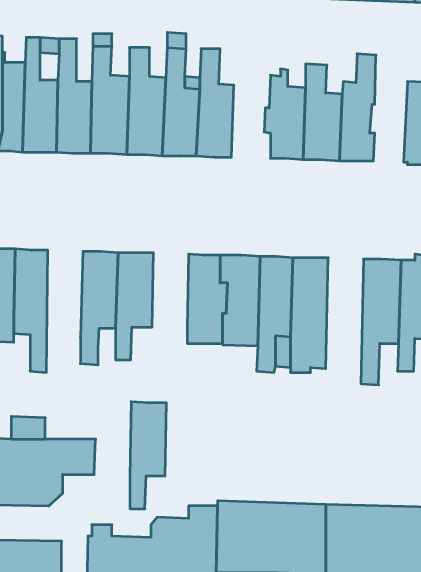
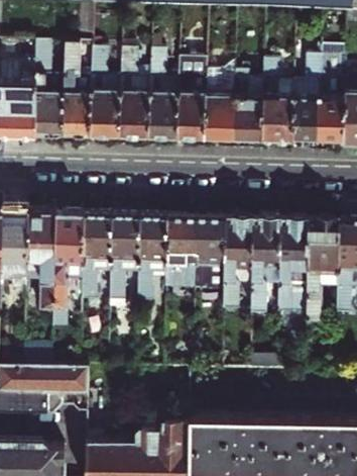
building: none -> [314,50,345,145]
building: none -> [203,64,235,141]
building: none -> [53,215,84,330]
building: none -> [278,221,309,322]
building: [130,402,166,509] -> [139,217,168,303]

